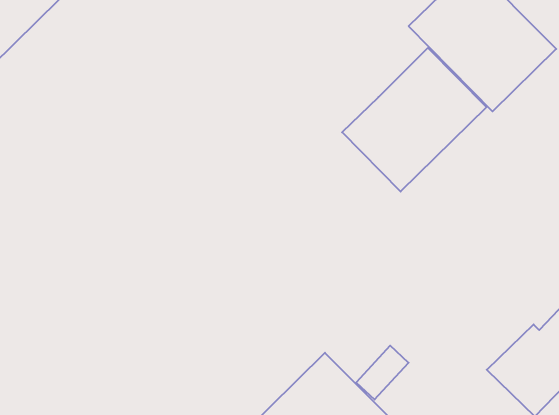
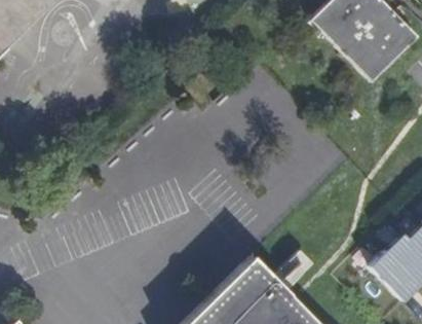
building: [342,48,486,192] -> none

